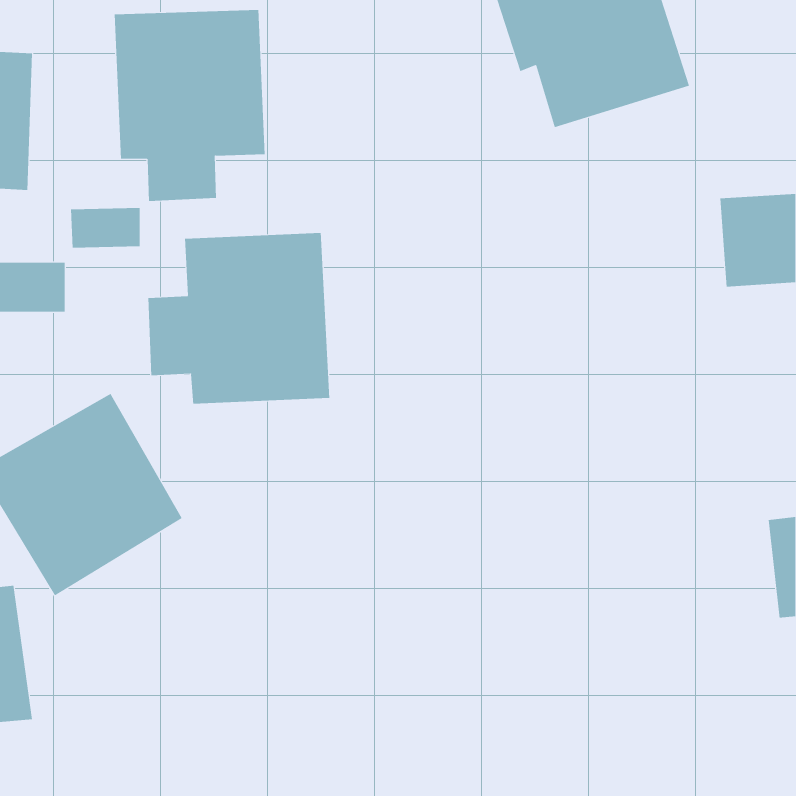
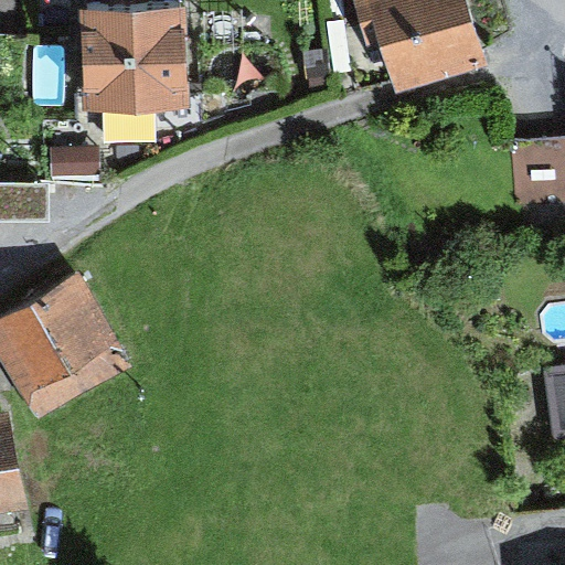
building: [148,232,330,404] -> none

